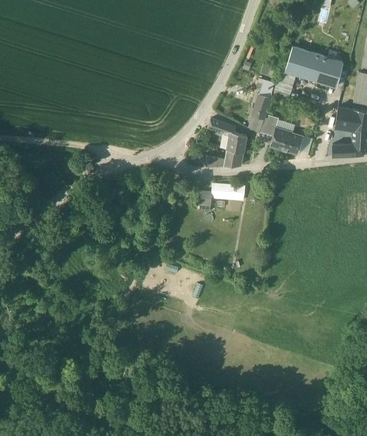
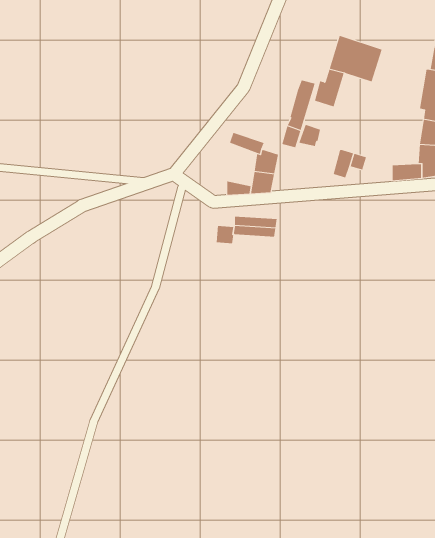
building: [317,57,343,88] -> none
building: [335,107,356,129] -> none
building: [269,127,292,152] -> none

